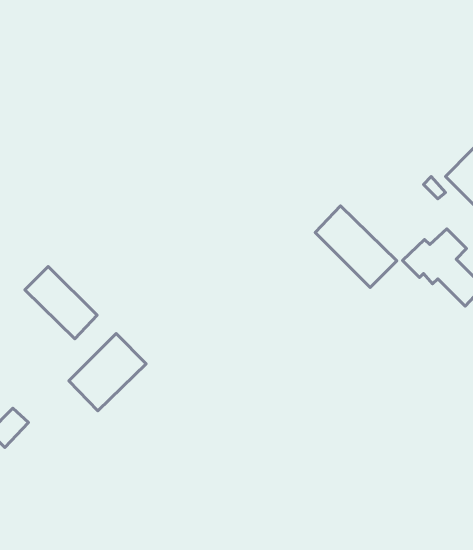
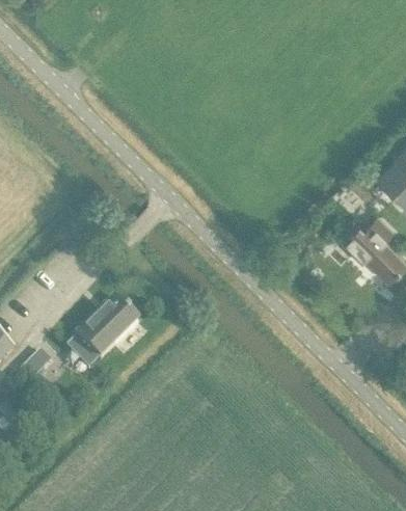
building: [315,206,397,287] -> none
building: [25,266,97,339] -> none

